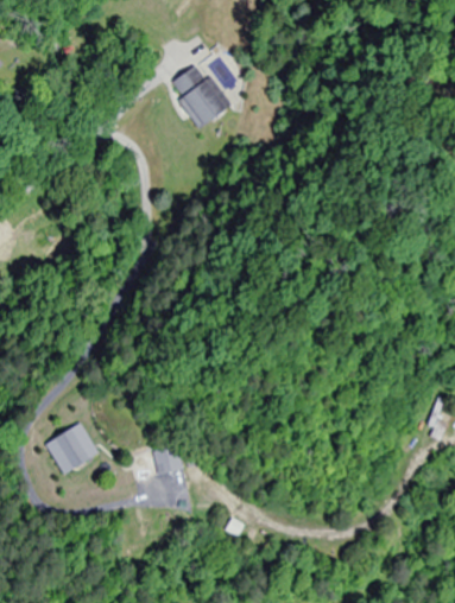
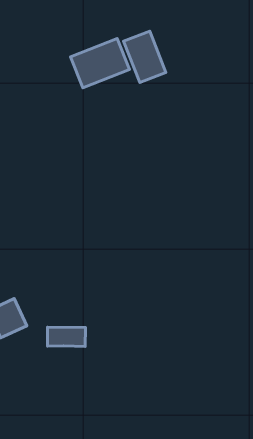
building: none -> [70,39,130,88]

